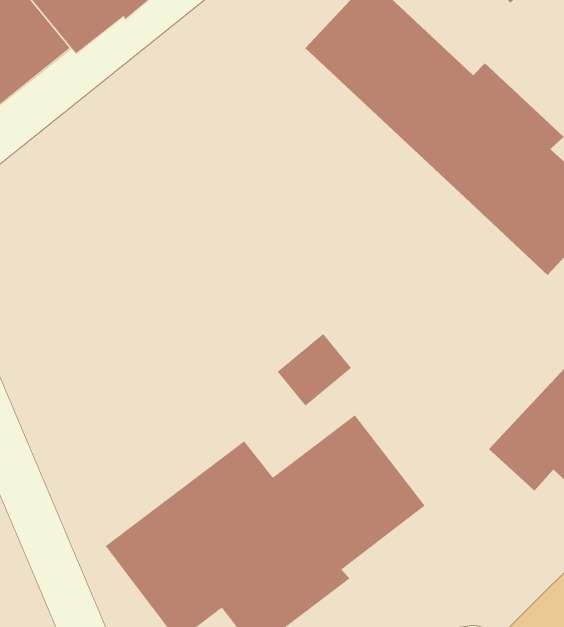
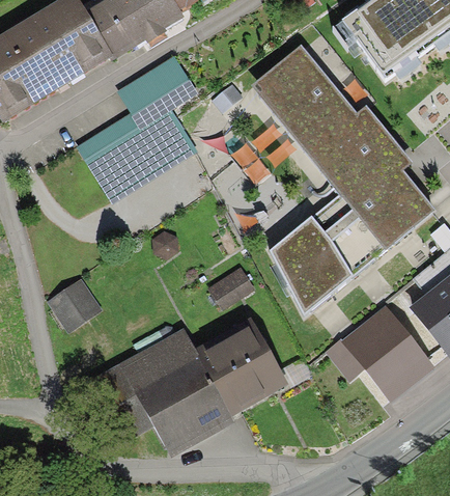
building: none -> [73,56,197,205]
building: none -> [272,194,382,312]
building: none -> [46,277,103,334]

